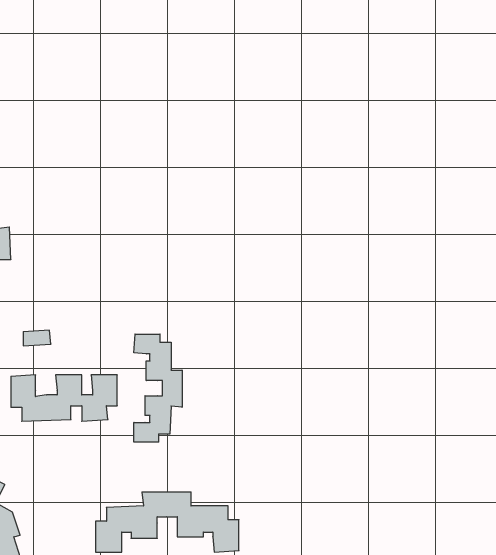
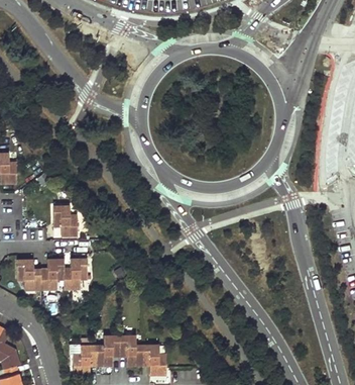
building: none -> [50,207,75,237]
building: [134,334,182,442] -> none

